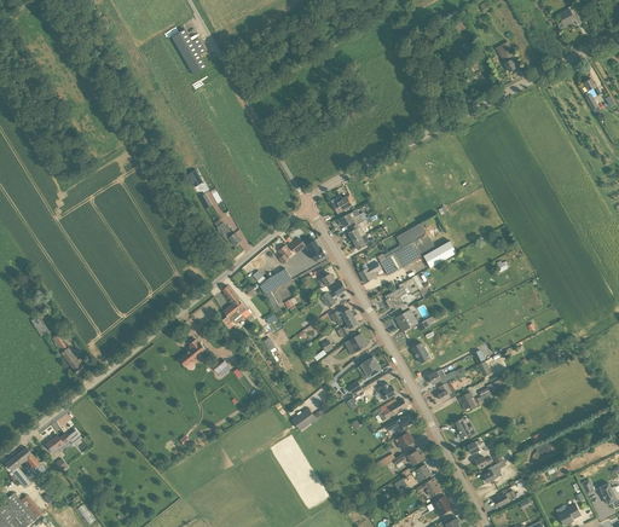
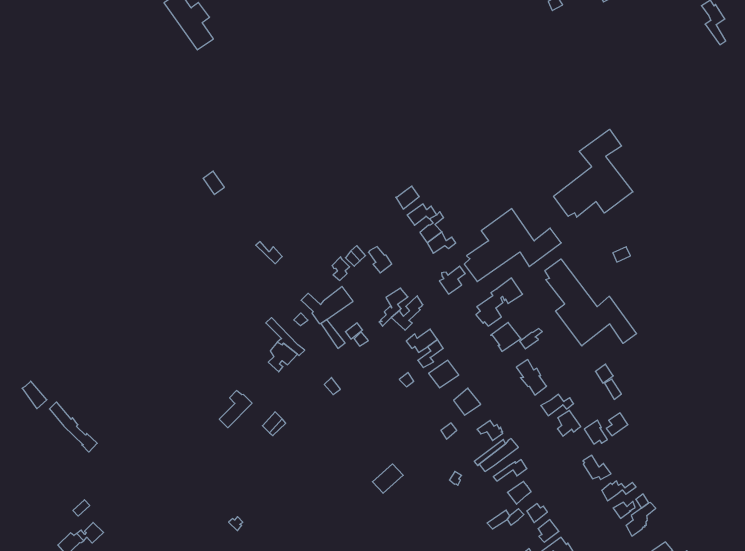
building: none -> [554,129,633,217]
building: none -> [545,259,637,346]

